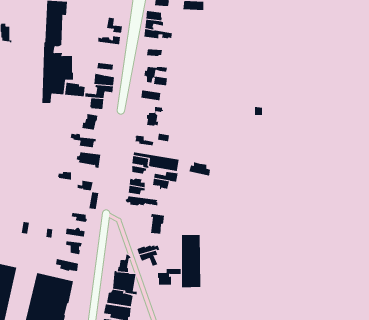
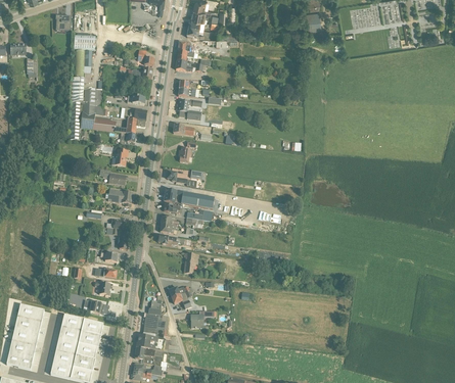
building: [182,234,201,288] -> none

